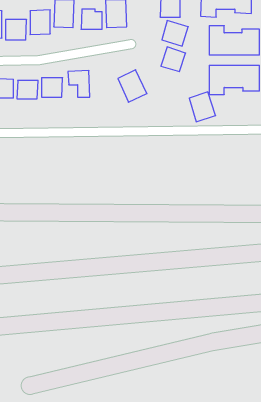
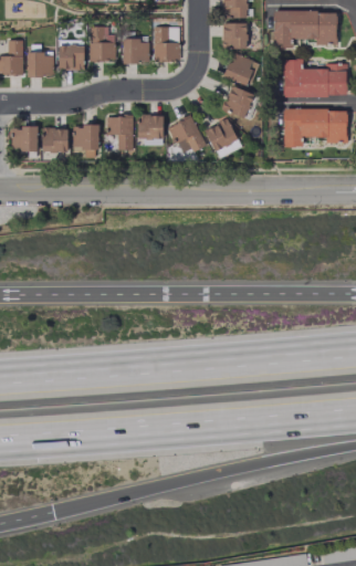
building: none -> [138,115,164,146]
building: [189,92,216,122] -> [207,119,240,157]

